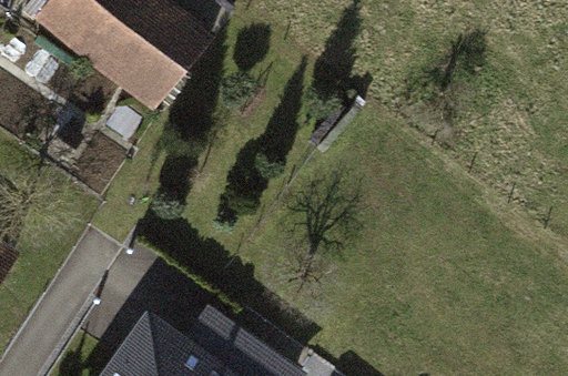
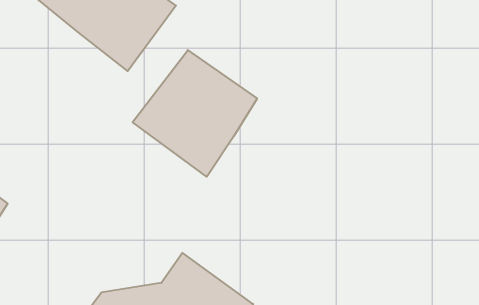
building: none -> [133,50,257,177]

